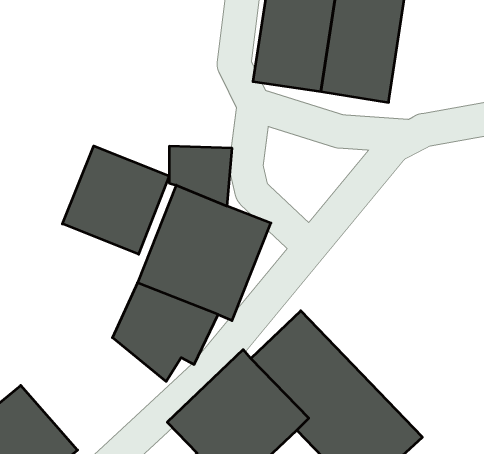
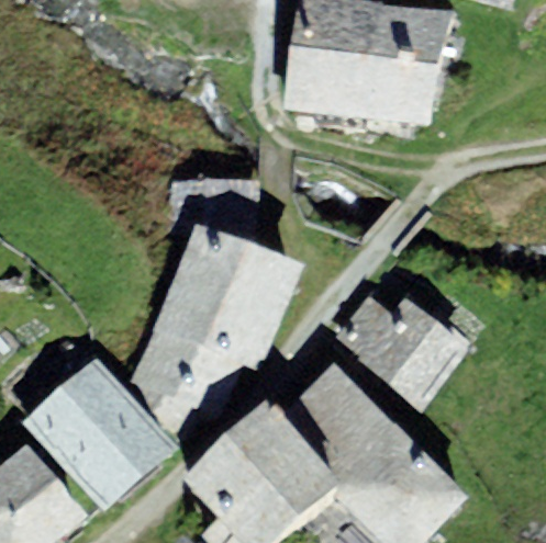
building: [62,146,169,254] -> none
building: none -> [331,295,471,414]
building: none -> [21,357,175,511]

